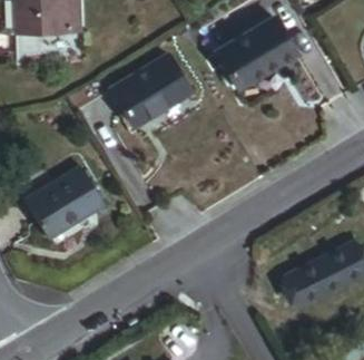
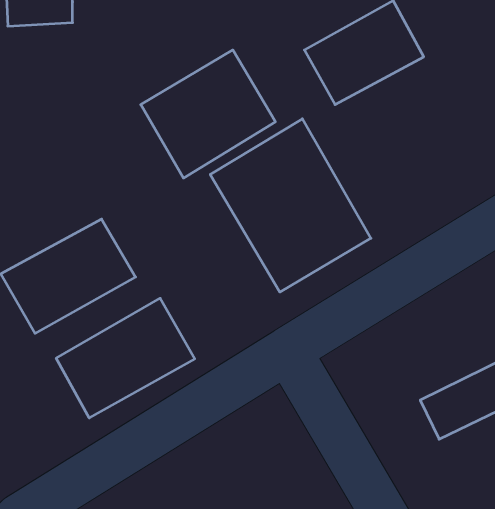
building: none -> [210,119,371,292]
building: none -> [56,298,195,418]

